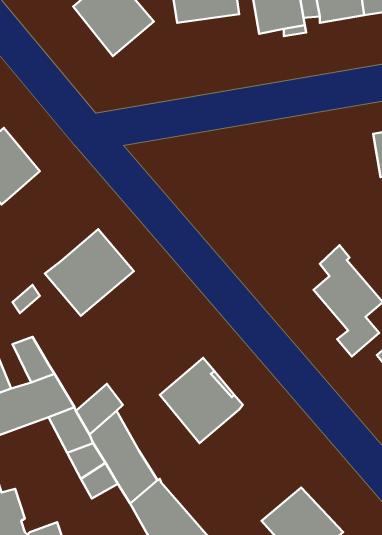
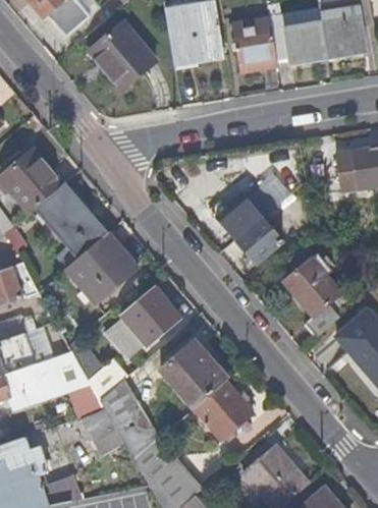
building: none -> [34,182,108,259]
building: none -> [216,195,283,263]
building: none -> [106,288,178,357]
building: none -> [192,381,252,442]

